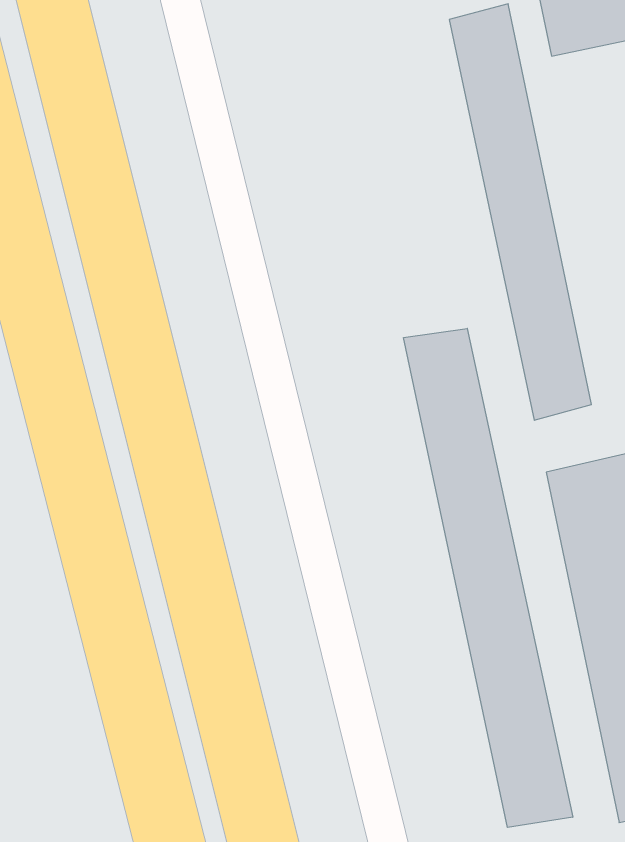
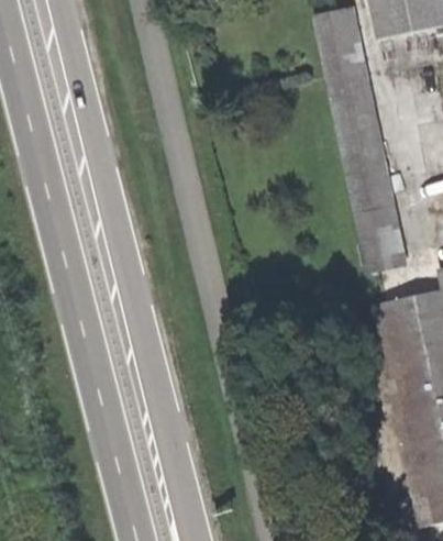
building: [404,328,573,827] -> none

